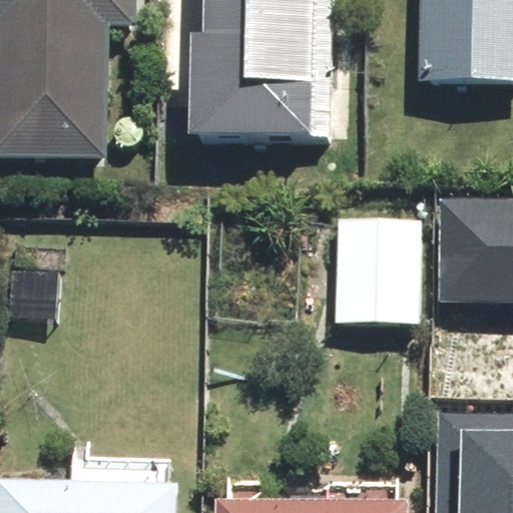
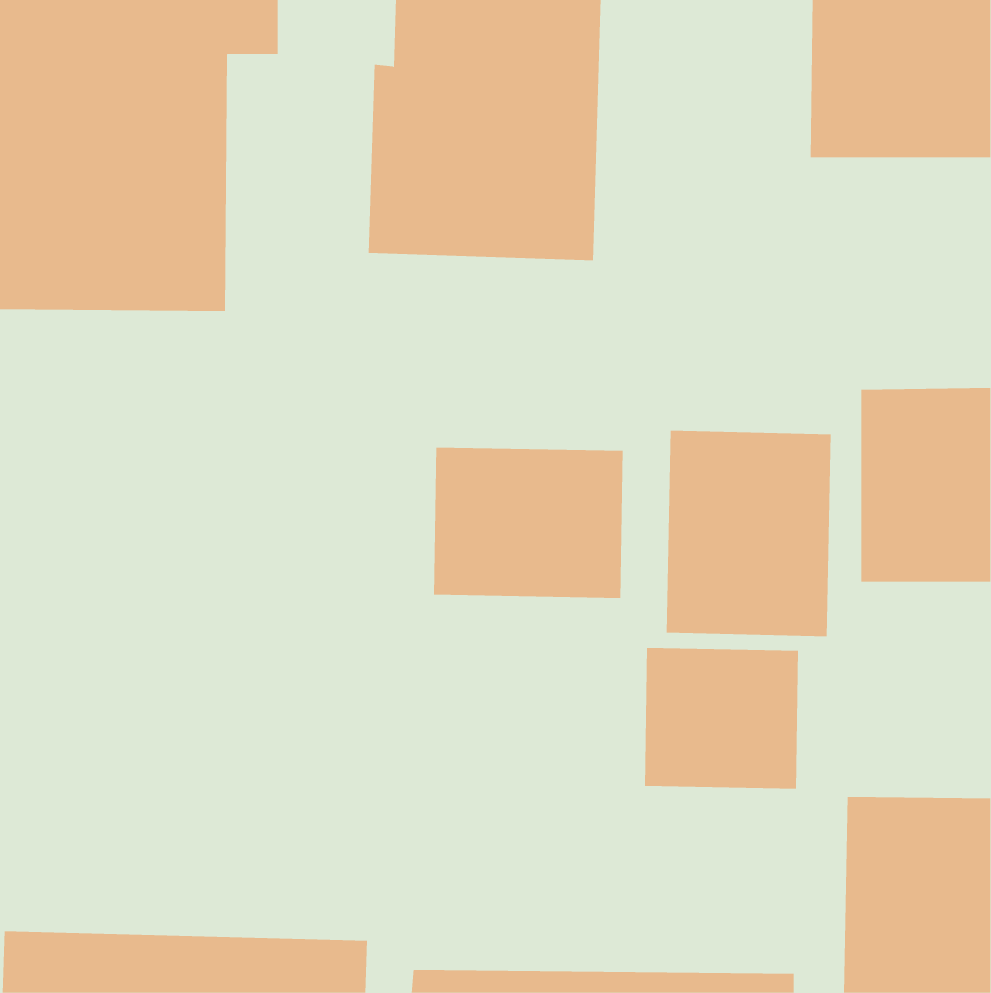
building: none -> [434,447,623,599]
building: none -> [644,647,799,790]

